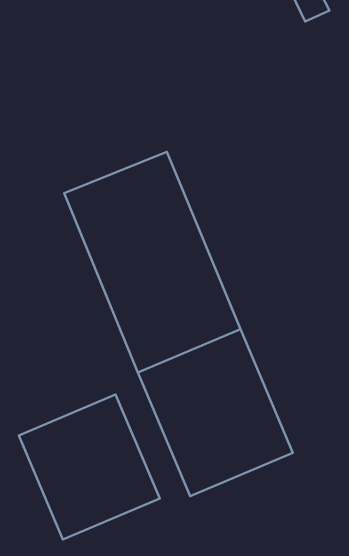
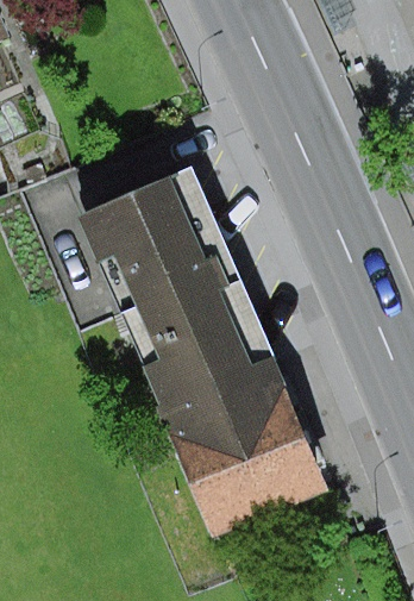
building: [19,395,160,540] -> none

